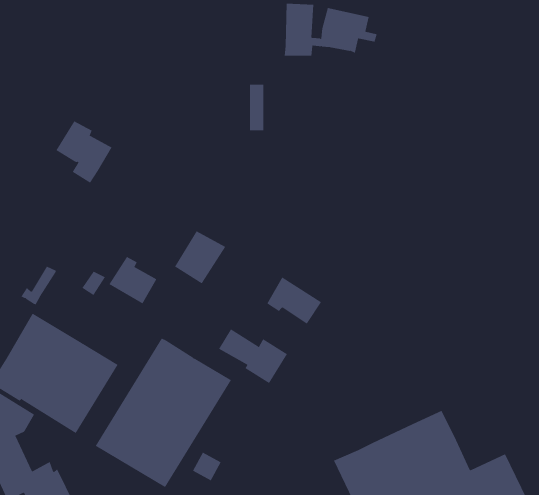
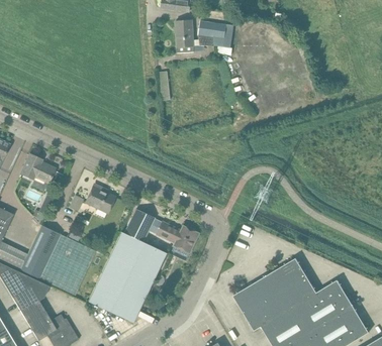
building: [56,120,113,184] -> [20,154,55,192]
building: [174,230,226,284] -> [123,210,154,242]
building: [266,277,322,325] -> none

